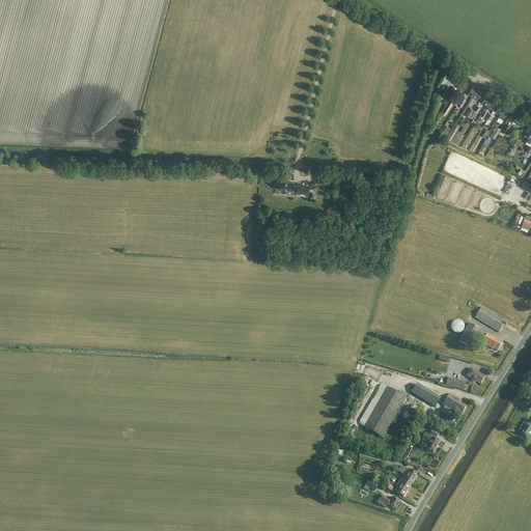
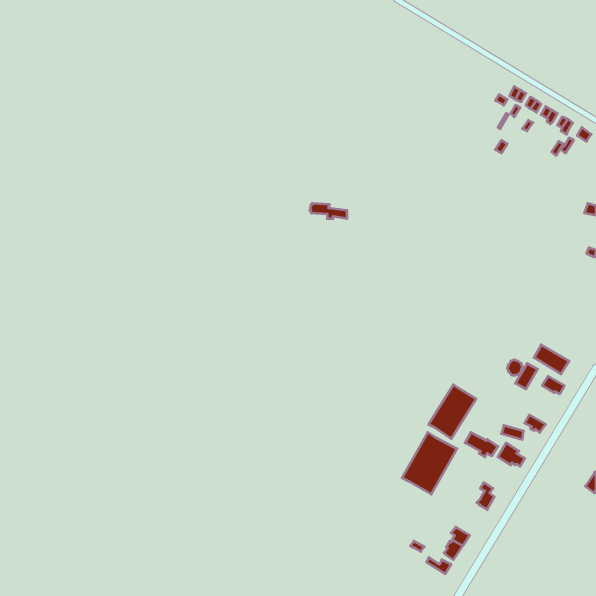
building: none -> [429,385,476,439]

